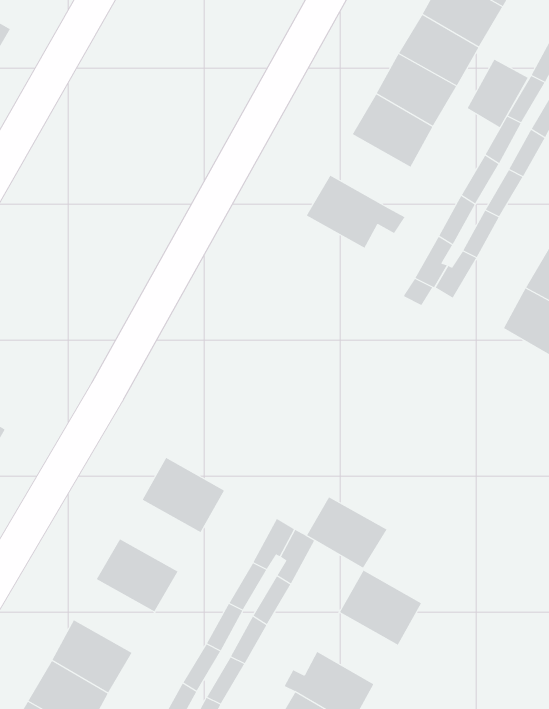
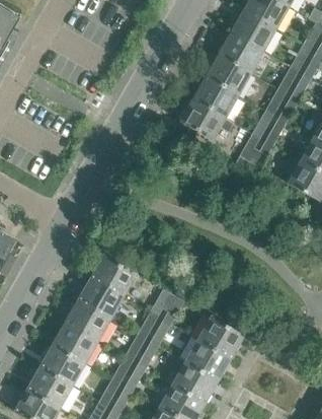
building: [467,59,529,128] -> none
building: none -> [193,76,238,117]
building: [306,496,387,568] -> [186,339,231,378]
building: none -> [78,277,123,317]
building: none -> [53,321,97,361]

